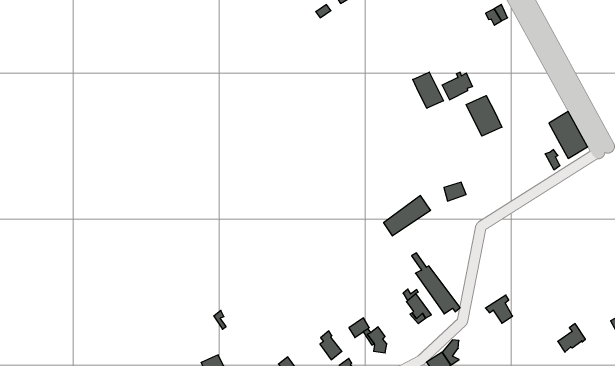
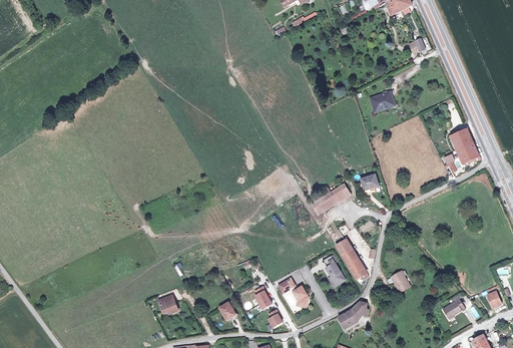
building: [413,72,443,108] -> none
building: [466,96,502,136] -> none

